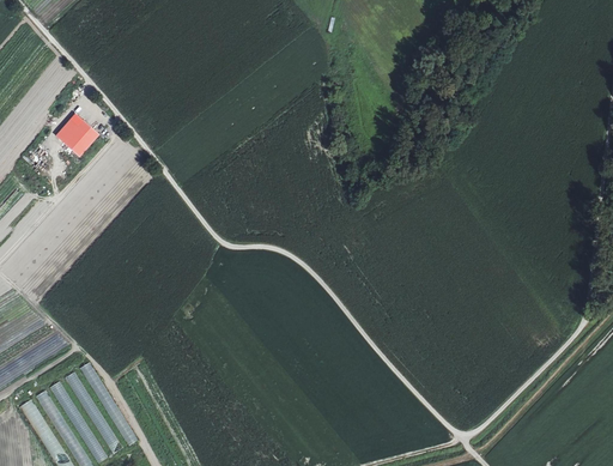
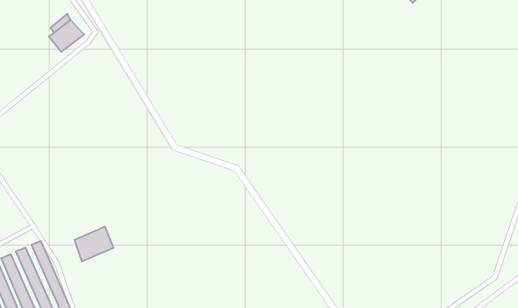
building: none -> [75,227,114,262]

